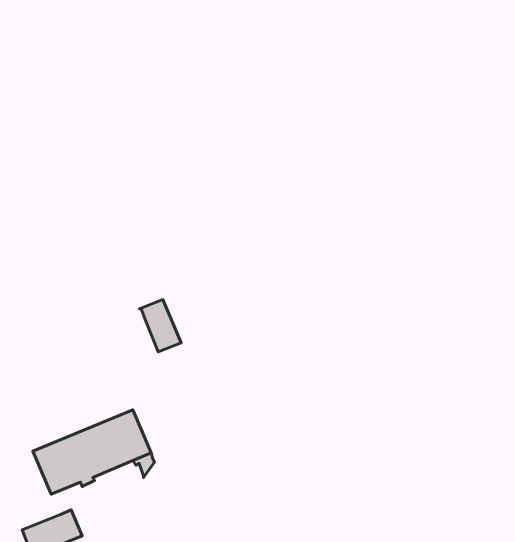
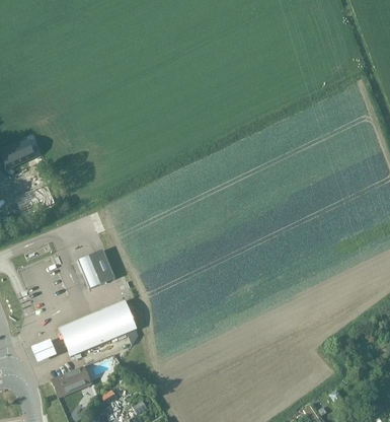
building: [140,300,181,352] -> [88,250,115,284]

